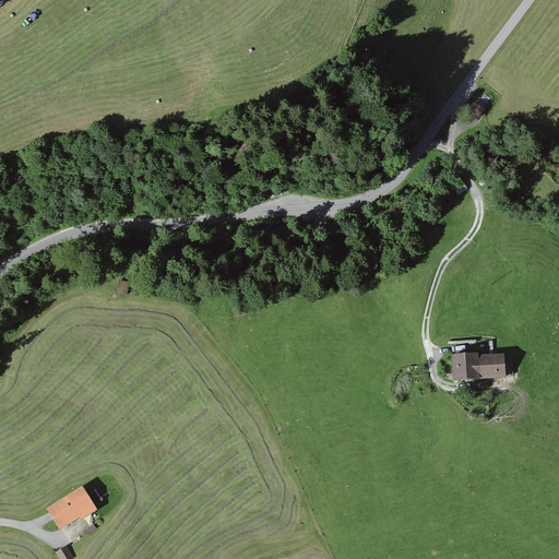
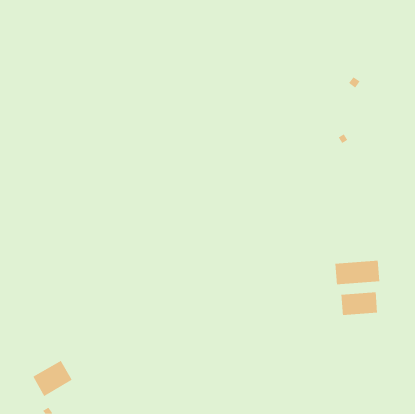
building: none -> [341,291,378,316]

